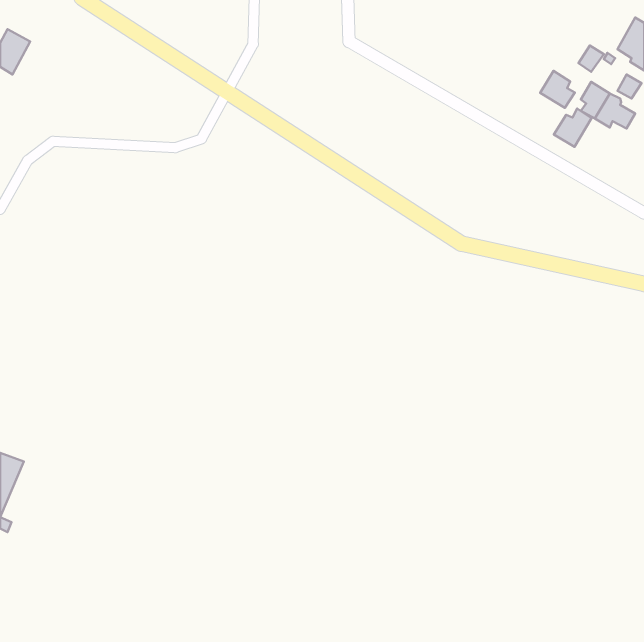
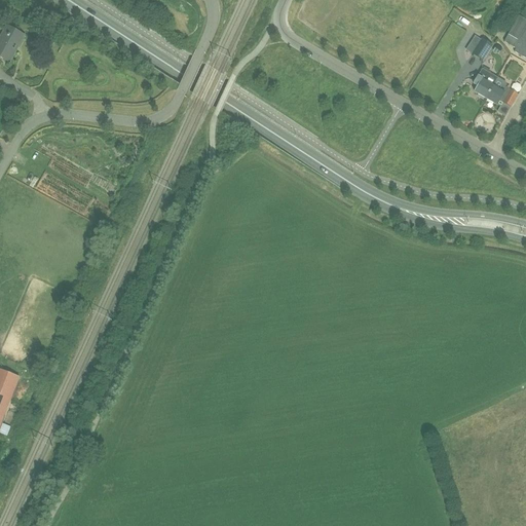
building: [540,71,575,108] -> none
building: [554,109,592,147] -> none

